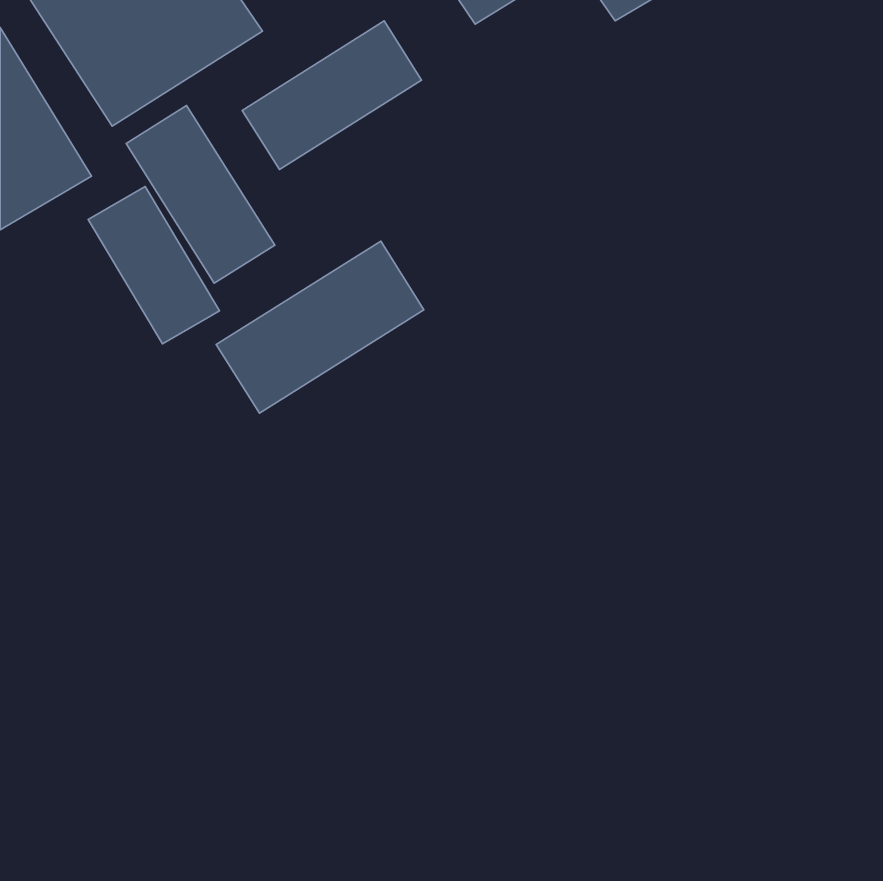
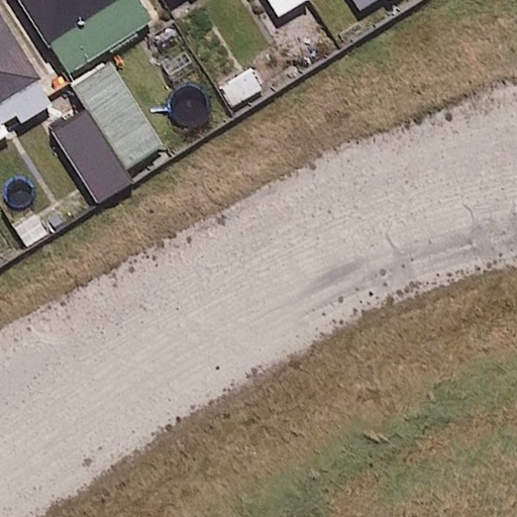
building: [242,21,421,169] -> none
building: [216,241,424,413] -> none

